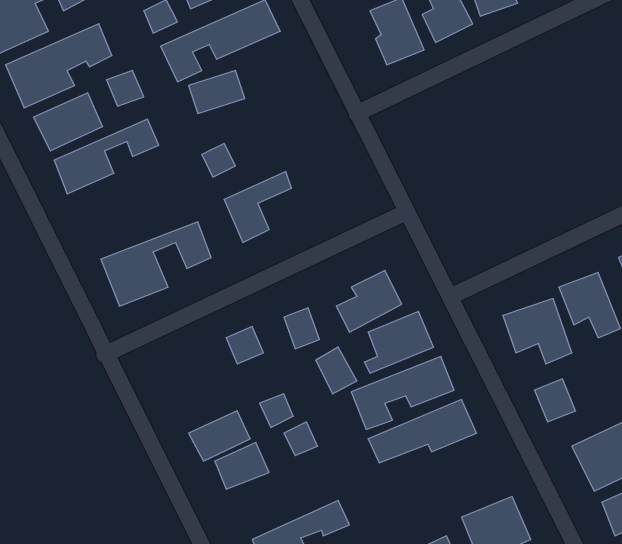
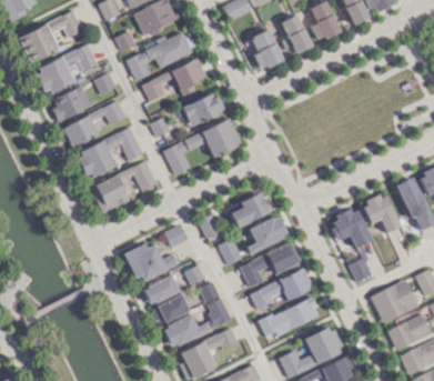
building: none -> [170,58,206,96]
building: none -> [181,92,223,127]
building: none -> [200,118,242,158]
building: none -> [74,129,142,179]
building: none -> [125,241,178,283]
building: none -> [258,298,320,337]
building: none -> [162,299,231,348]

